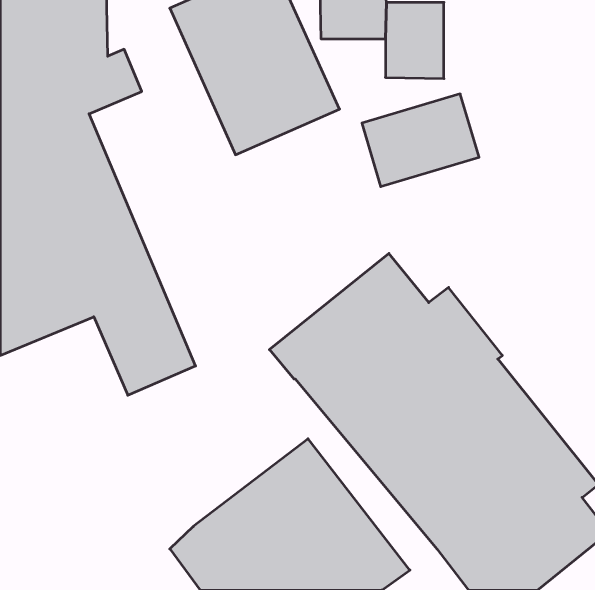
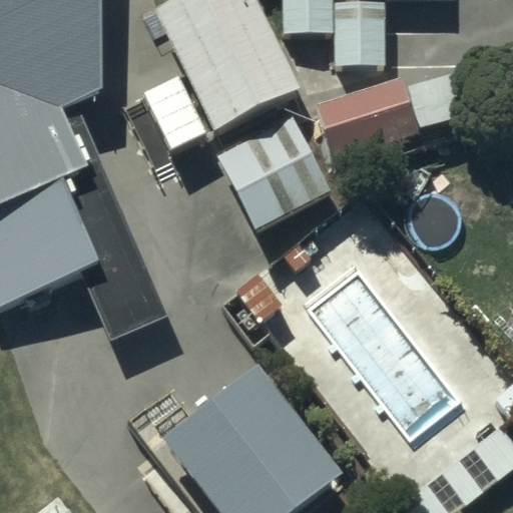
building: none -> [213,116,325,229]

